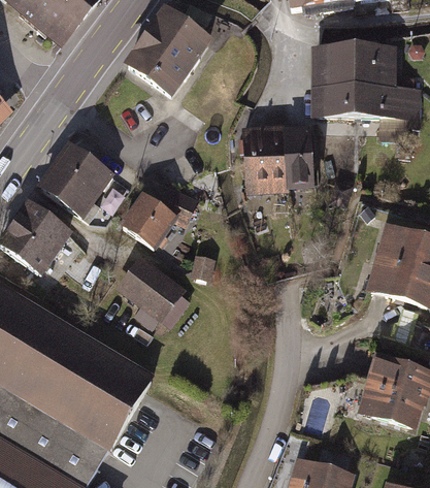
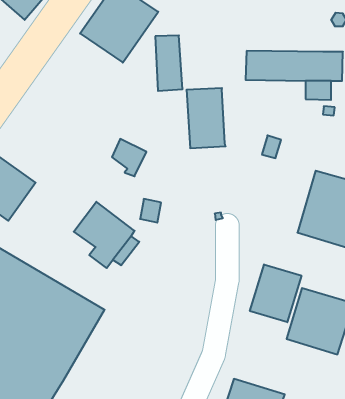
building: [311,43,399,85] -> none
building: [284,126,315,189] -> [155,35,183,91]
building: [36,139,114,218] -> none
building: [118,193,176,251] -> none
building: none -> [250,264,301,322]

